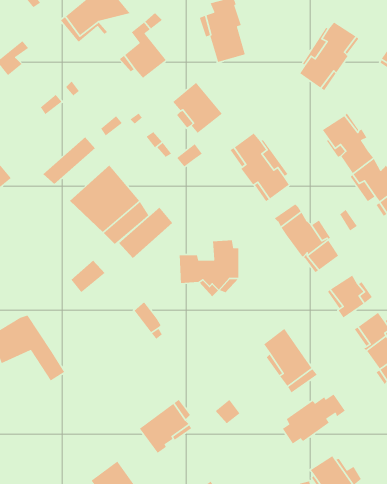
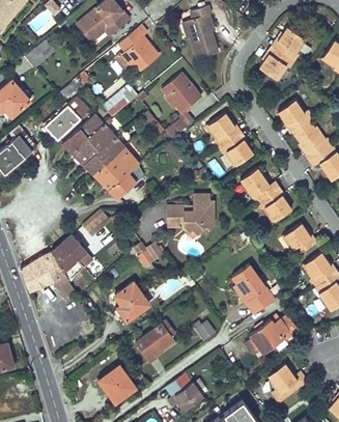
building: none -> [44,99,88,140]
building: [118,207,173,259] -> [70,125,113,166]
building: none -> [51,236,86,282]
building: none -> [114,283,148,328]

